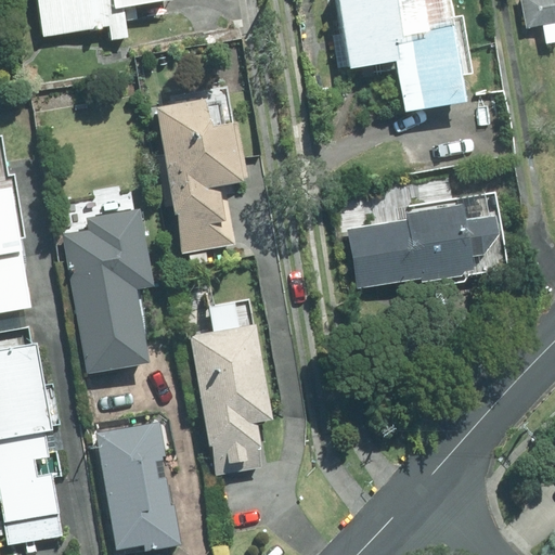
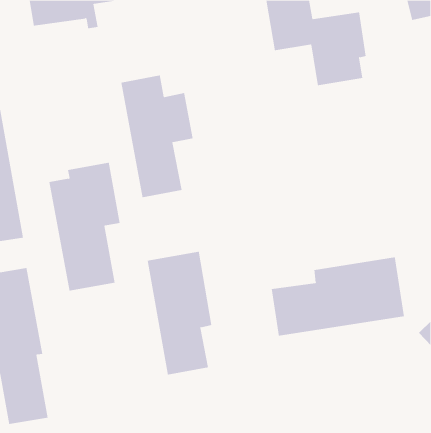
building: [346,201,496,287] -> none
building: none -> [271,256,404,336]
building: [94,421,179,550] -> none

